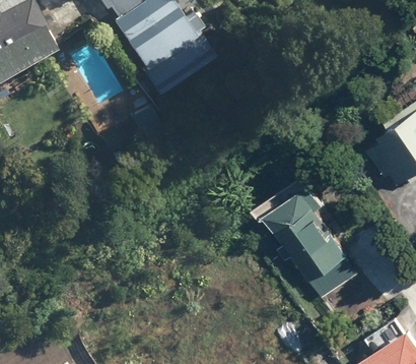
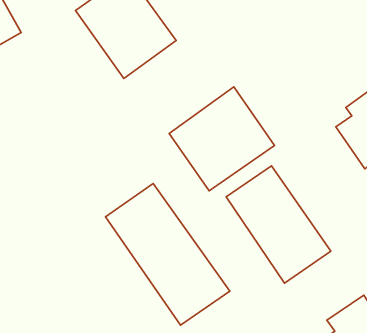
building: none -> [169,87,274,191]
building: none -> [105,183,230,325]

